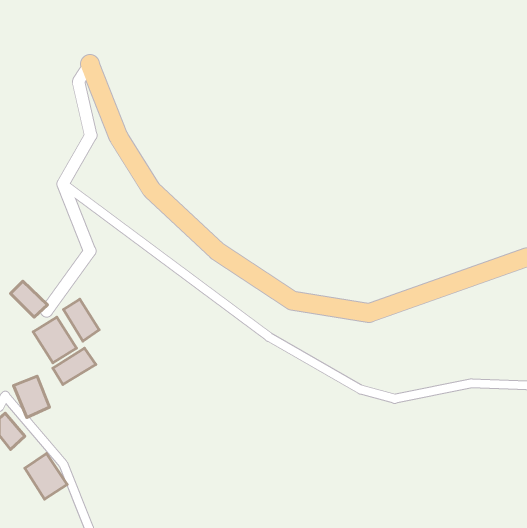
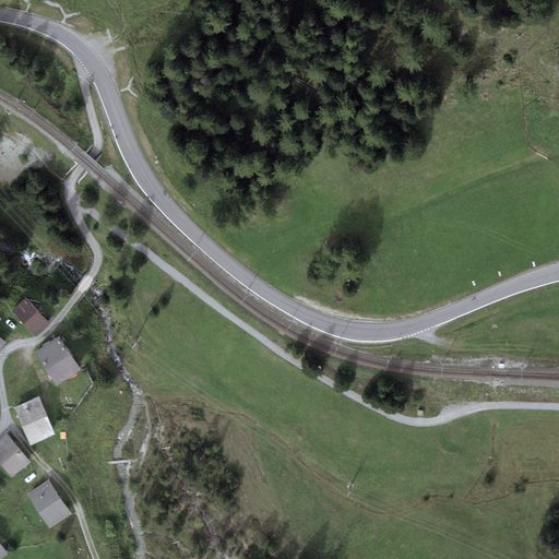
building: [64,299,99,341] -> none
building: [53,348,96,384] -> none

